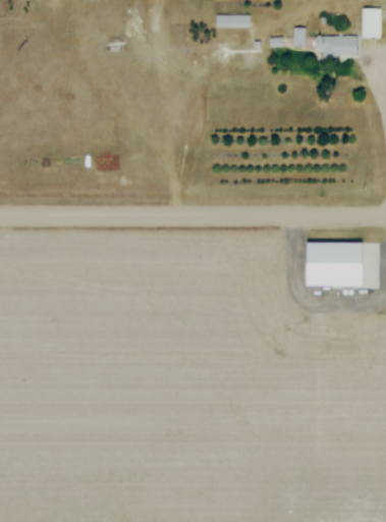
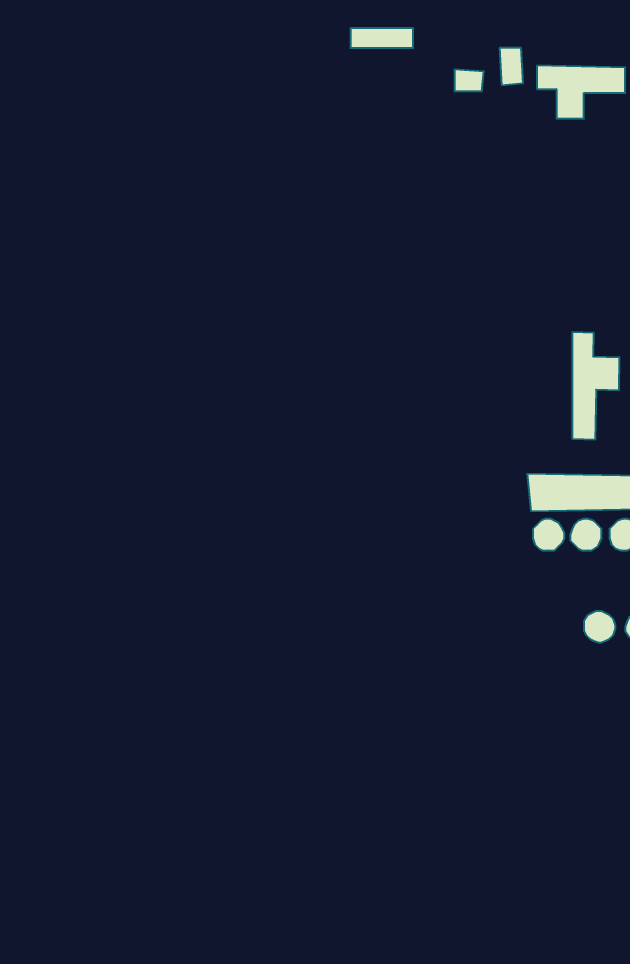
building: none -> [573,332,619,440]

